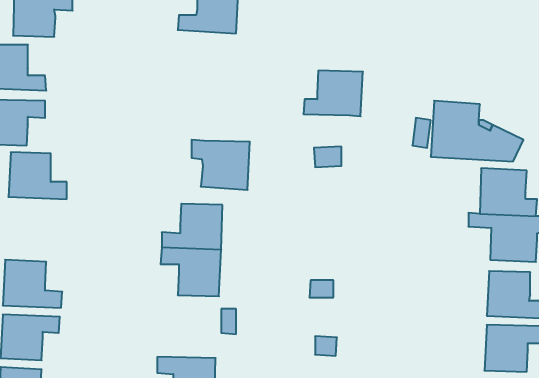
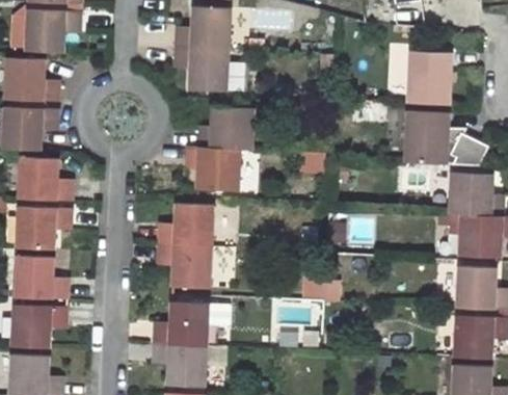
building: none -> [173,47,226,91]
building: none -> [406,54,451,105]
building: [303,71,363,116] -> [197,108,251,150]
building: none -> [18,208,73,249]
building: none -> [155,302,209,345]

